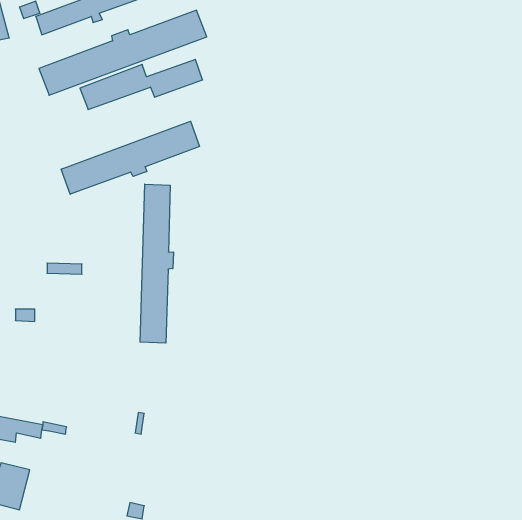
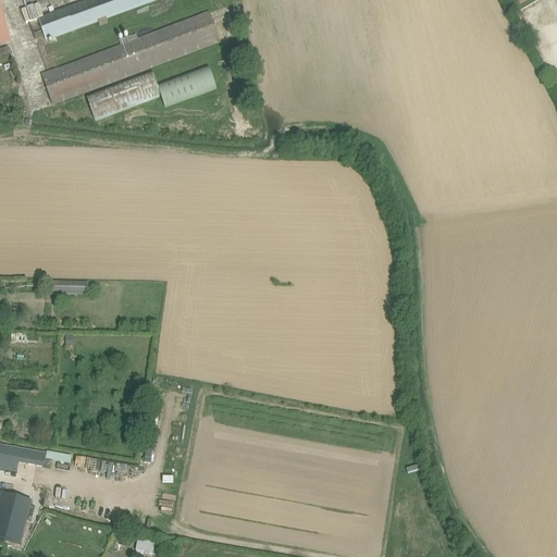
building: [61,121,200,194] -> none
building: [140,184,173,343] -> none

